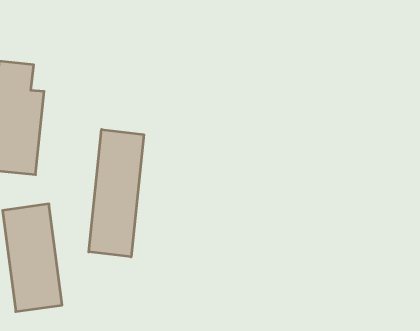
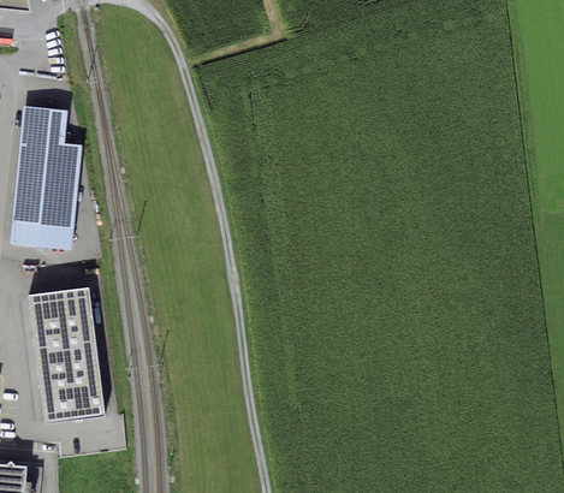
building: [89,129,144,257] -> none

